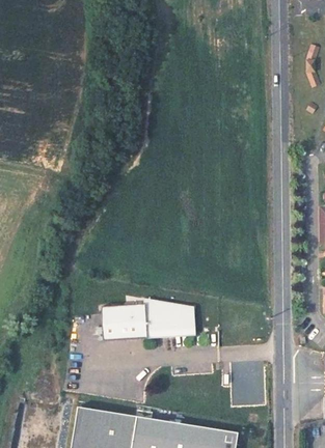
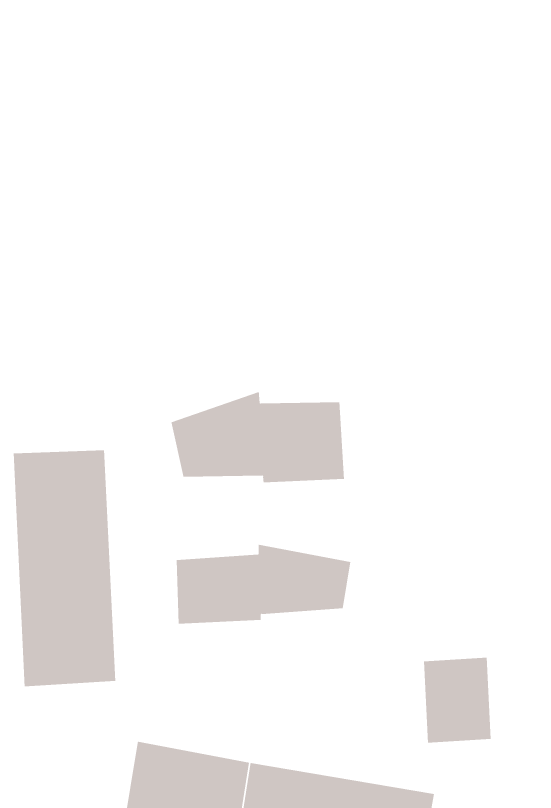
building: none -> [171,391,344,483]
building: none -> [13,450,116,687]

